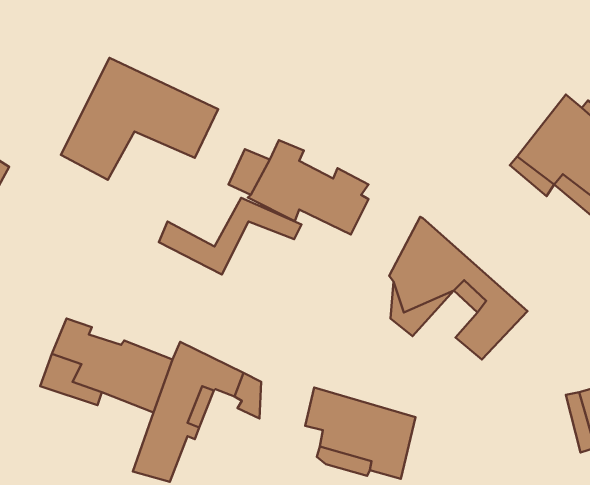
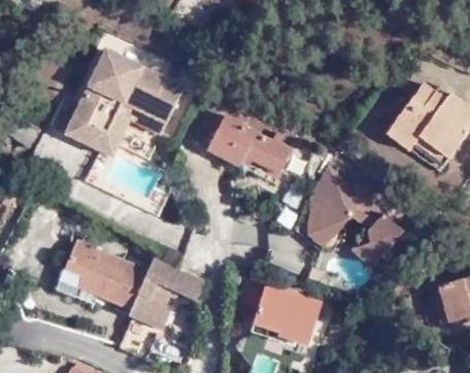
building: [159,198,301,274] -> [66,106,166,160]

